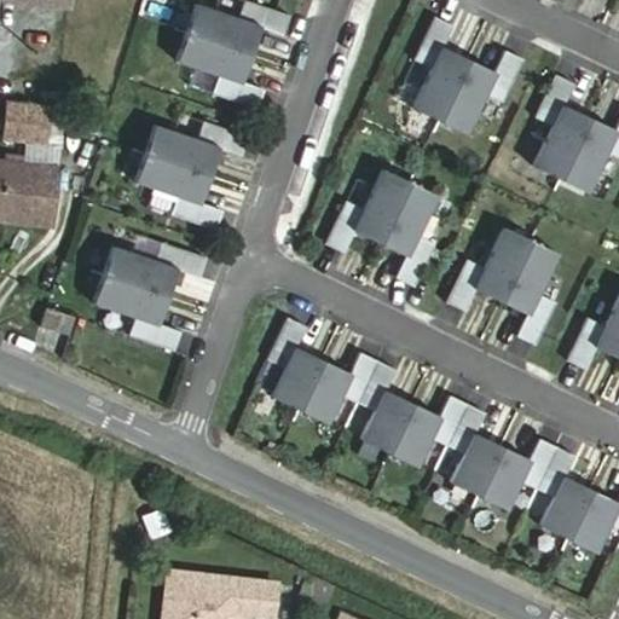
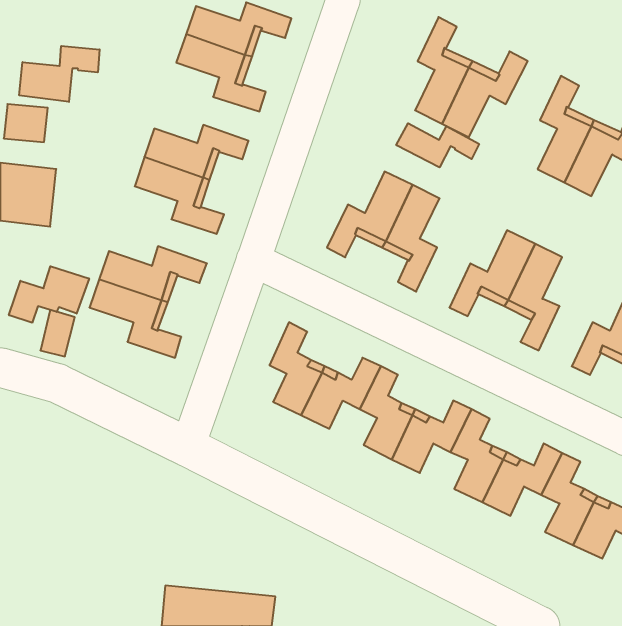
building: none -> [19,46,100,102]
building: none -> [396,123,479,167]
building: none -> [9,266,89,323]

